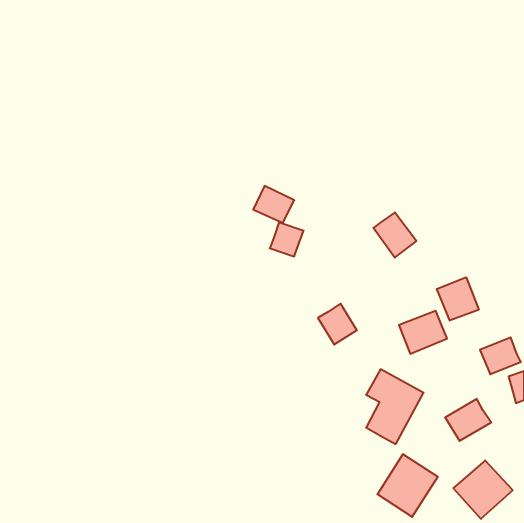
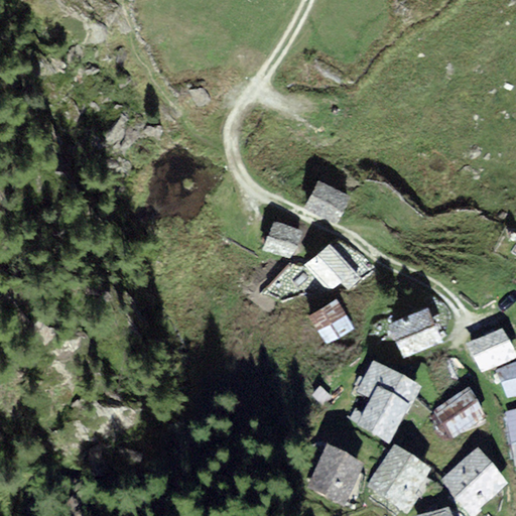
building: [253,186,294,223] -> [305,181,346,218]
building: [373,212,416,258] -> [308,243,351,287]
building: [437,277,479,321] -> none
building: none -> [312,450,359,500]

